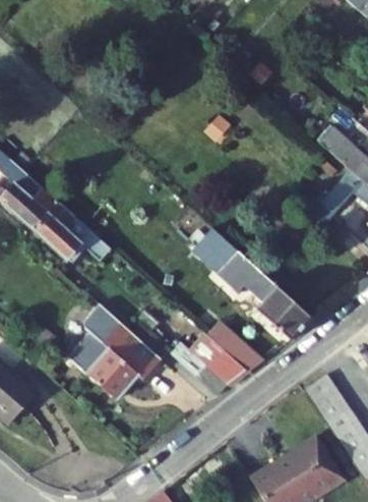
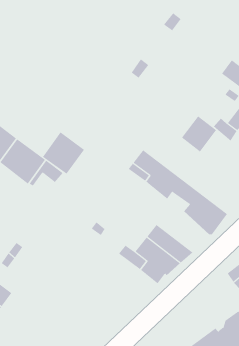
building: none -> [181,116,217,152]
building: none -> [42,131,85,175]
building: [64,303,161,399] -> none

